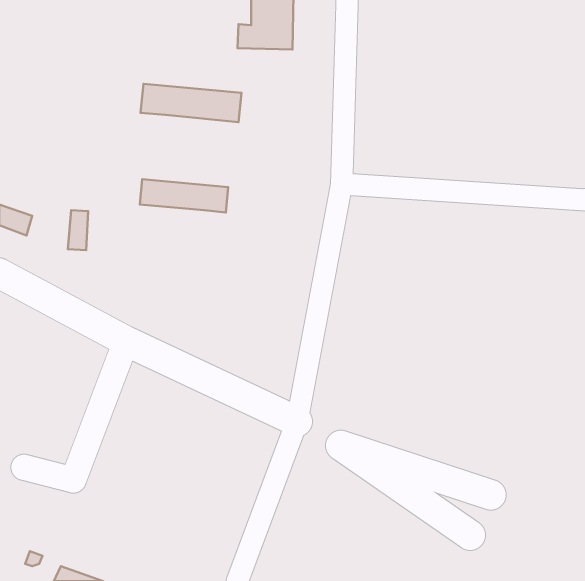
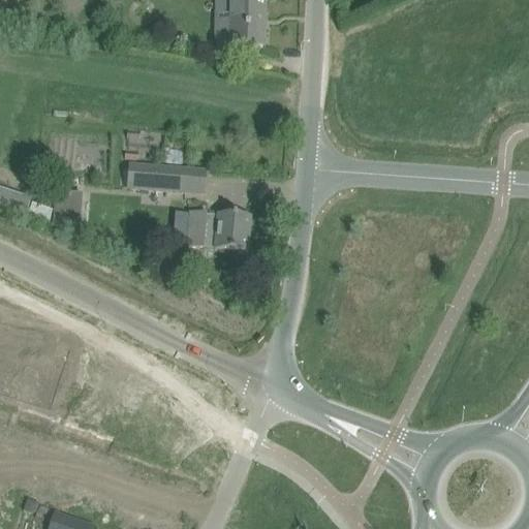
building: [141,84,241,122] -> none
building: none -> [186,209,250,250]

